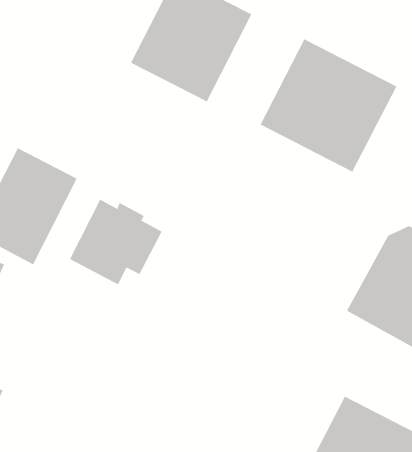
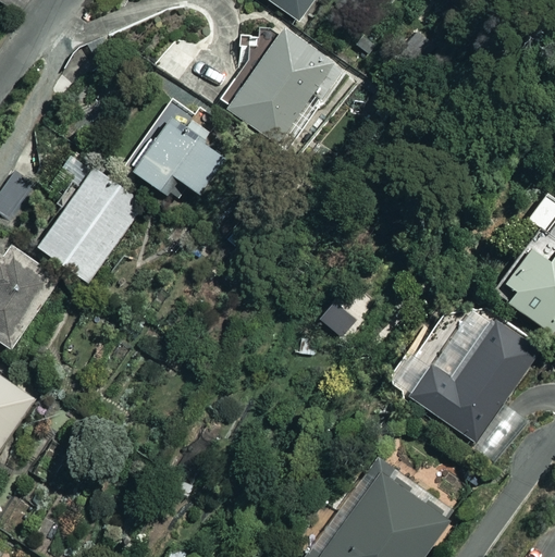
building: [260,38,397,173] -> none
building: [69,199,163,285] -> [128,110,225,198]

